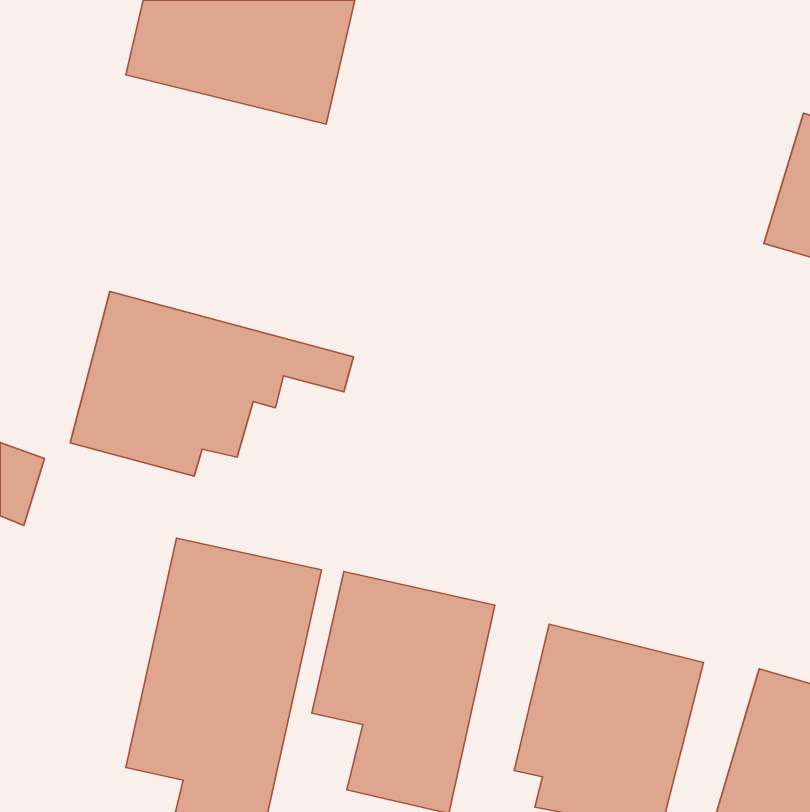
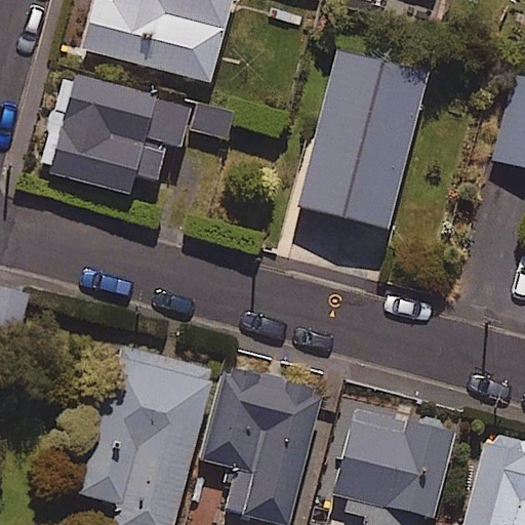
building: none -> [295,48,431,230]
building: [70,292,353,476] -> [50,75,233,194]

